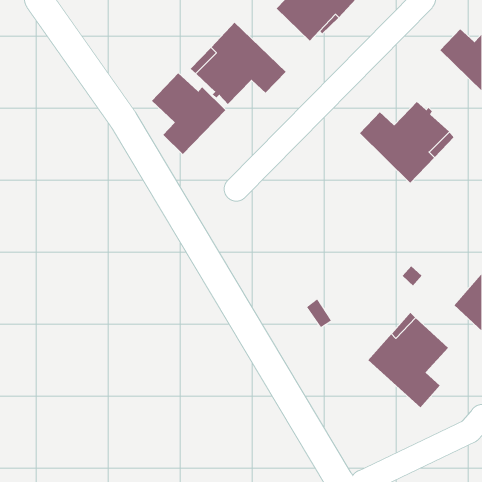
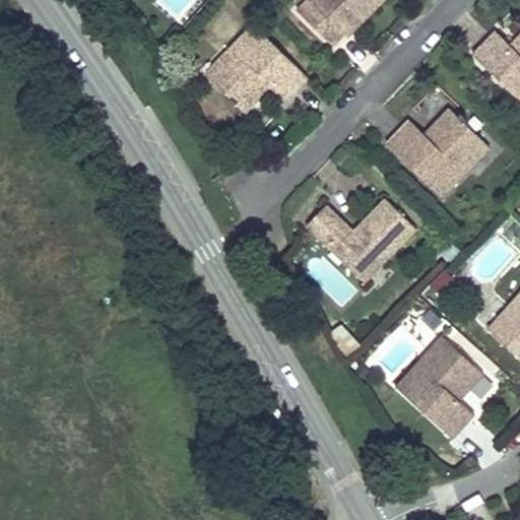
building: [151,73,226,155] -> none
building: none -> [306,197,415,281]

